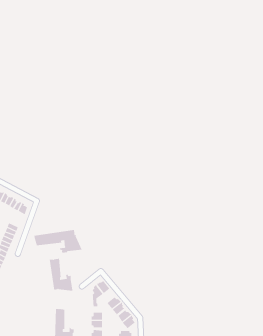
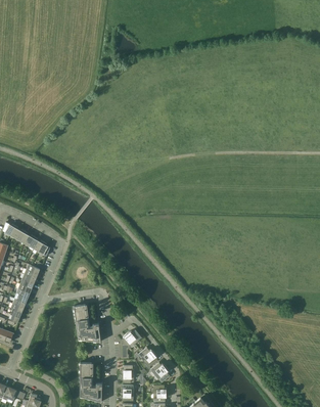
building: [34,229,83,254] -> none

